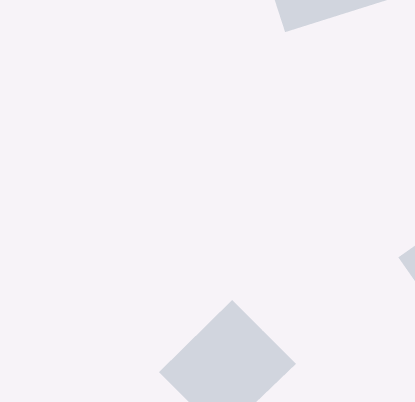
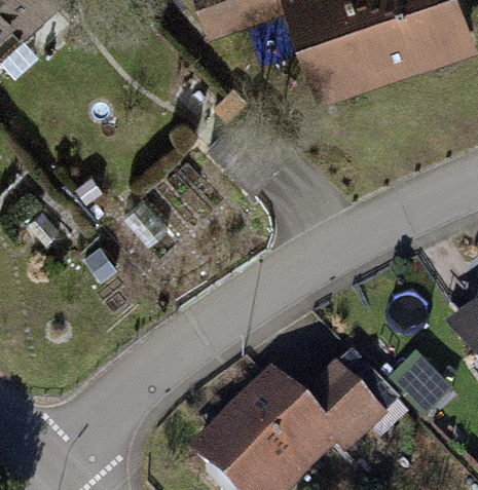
building: none -> [305,367,388,448]

